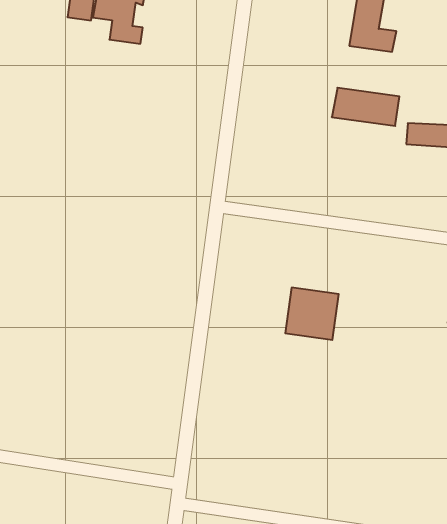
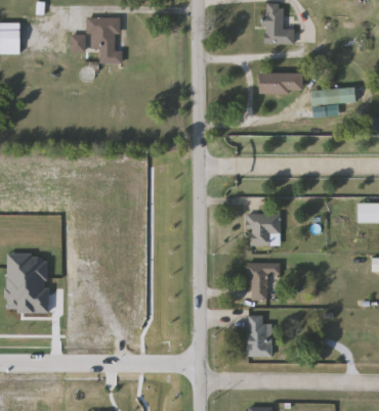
building: none -> [250,262,279,301]
building: none -> [248,315,272,356]

